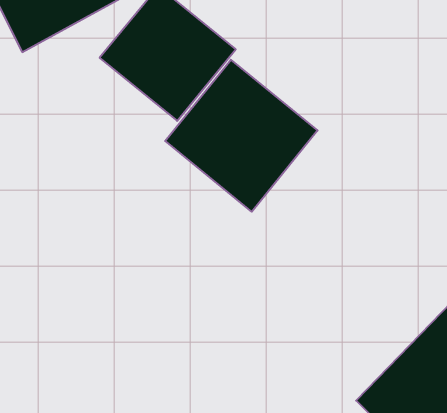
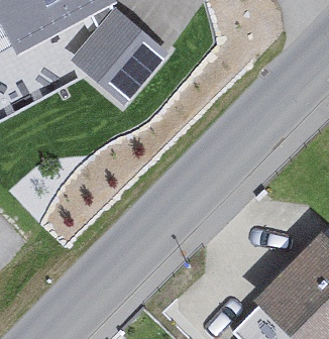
building: [165,60,318,212] -> none

